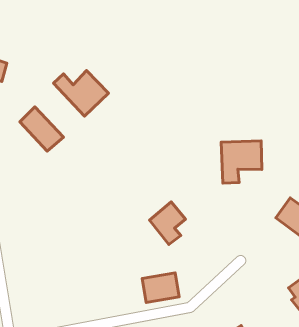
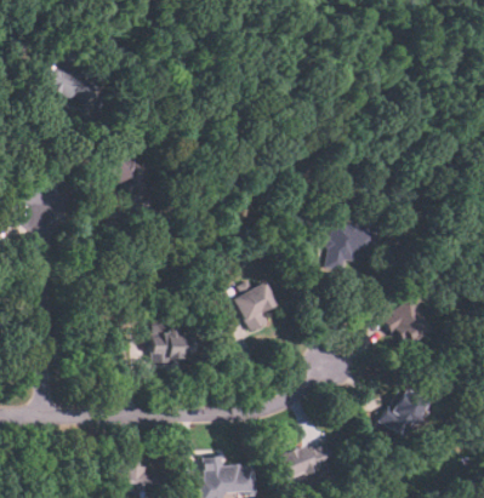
building: [53,70,109,116] -> none
building: [142,273,179,302] -> [152,331,192,360]

